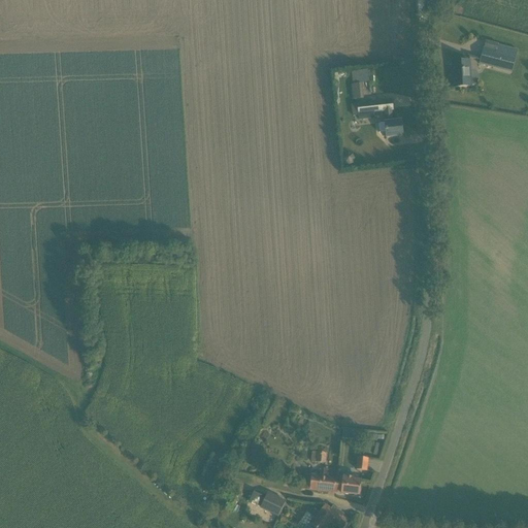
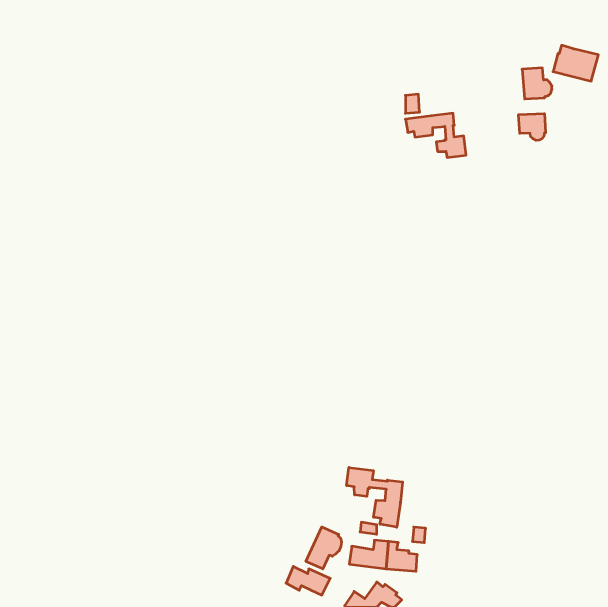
building: none -> [519,114,546,140]
building: none -> [347,467,403,527]
building: none -> [306,527,342,569]

